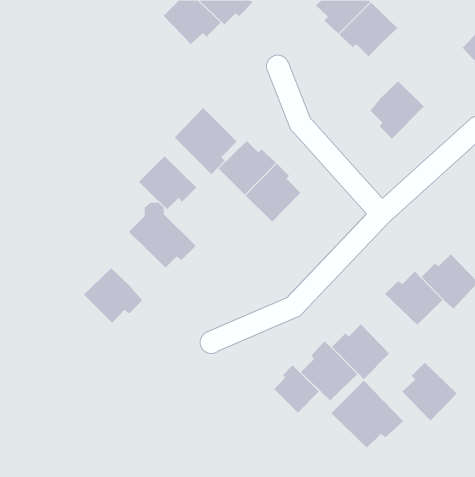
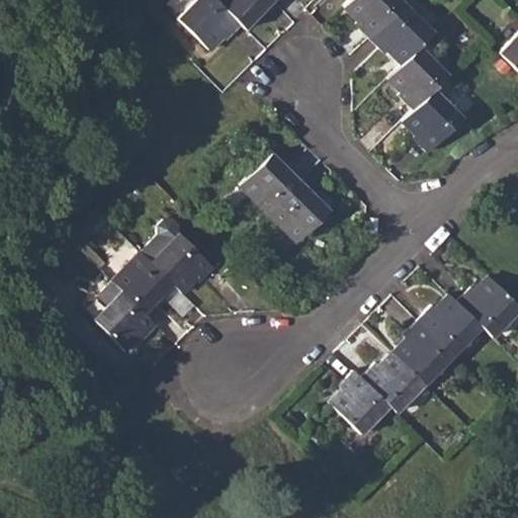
building: none -> [387,46,448,108]
building: [174,107,237,175] -> none
building: [138,156,197,210] -> [113,252,177,311]
building: [402,362,458,422] -> [394,319,454,383]
building: [273,365,319,414] -> none
building: [330,380,404,449] -> none

